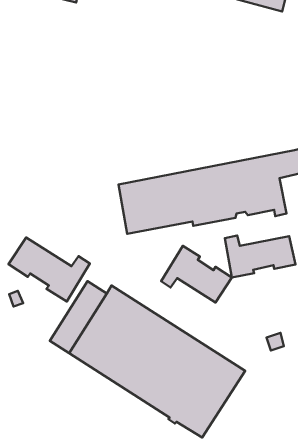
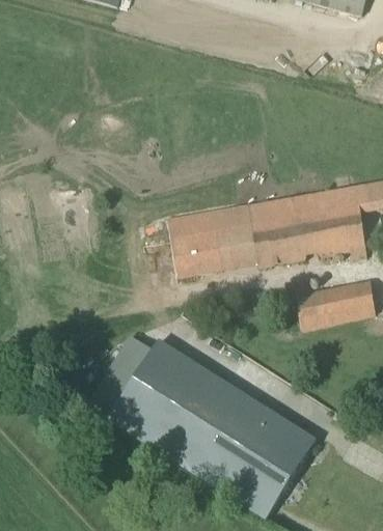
building: [9,238,90,302] -> none
building: [161,246,232,303] -> none

